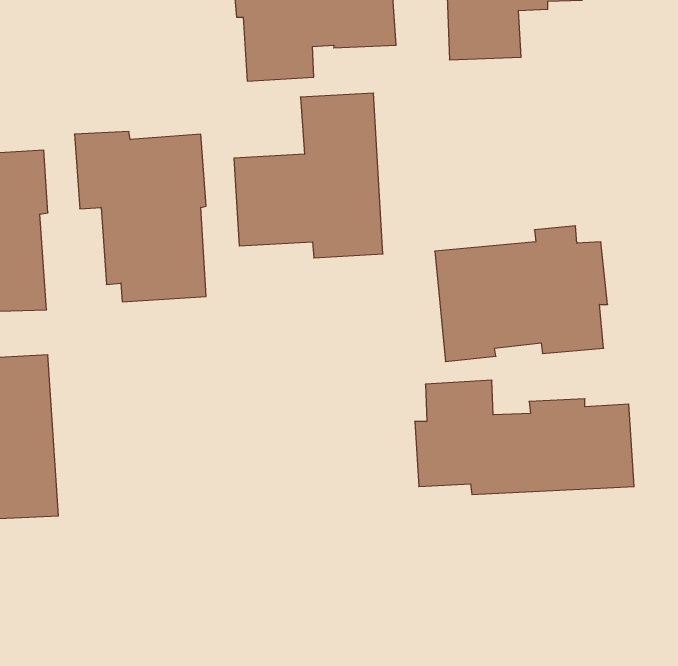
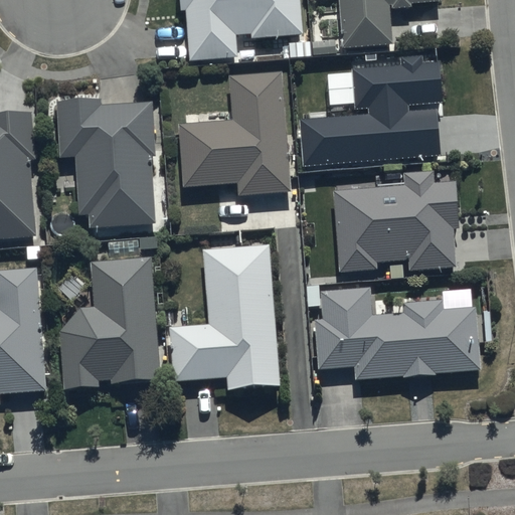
building: none -> [300,51,443,161]
building: none -> [168,245,279,390]
building: none -> [59,259,158,388]

